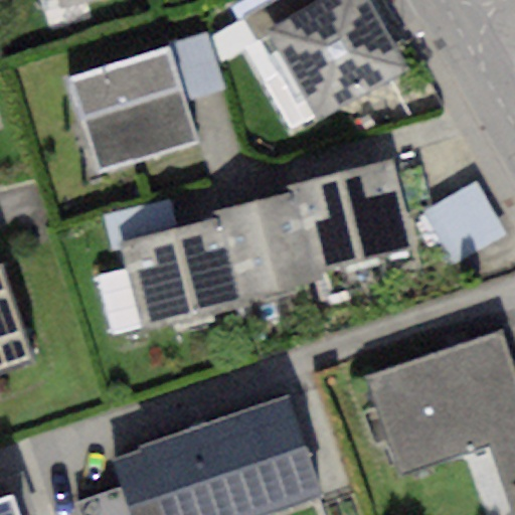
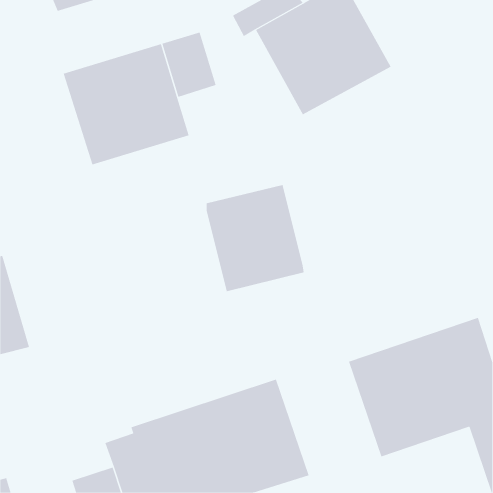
building: [293,161,416,277] -> none
building: [421,181,504,264] -> none
building: [121,219,237,334] -> none

